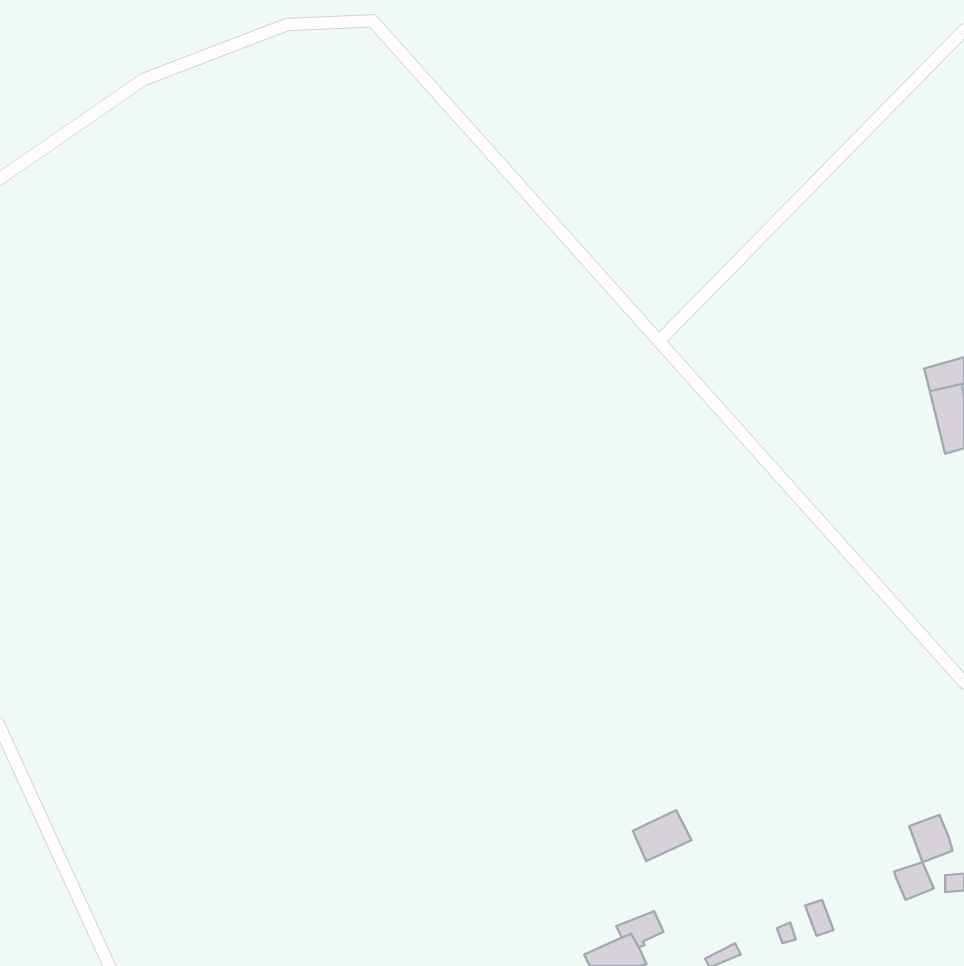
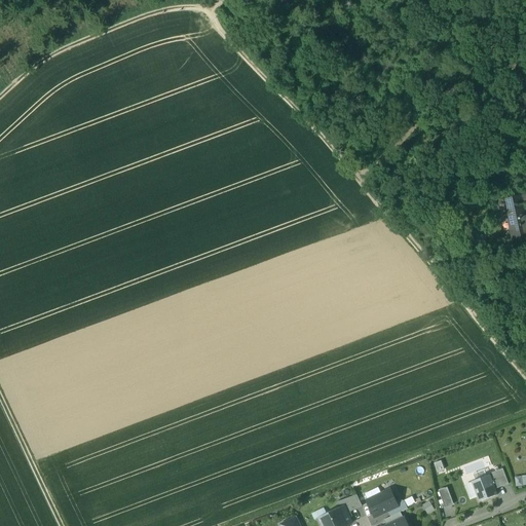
building: [633,810,691,861] -> [366,490,398,518]
building: [909,815,953,862] -> [471,477,494,502]

